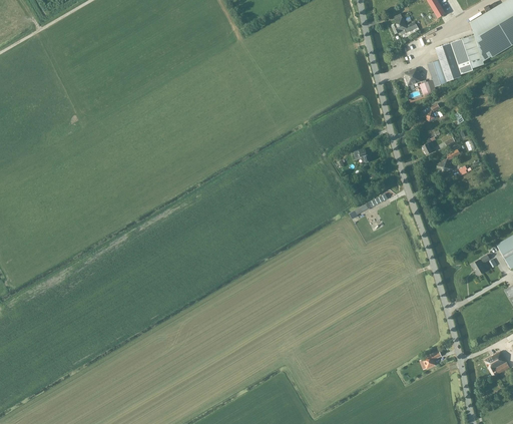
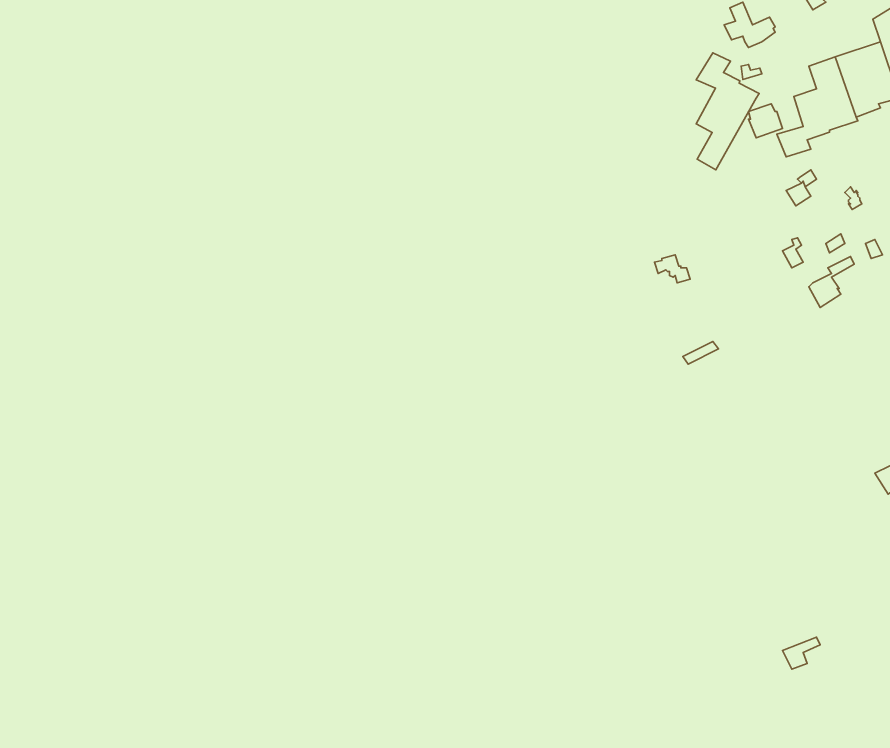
building: none -> [696,53,759,170]

